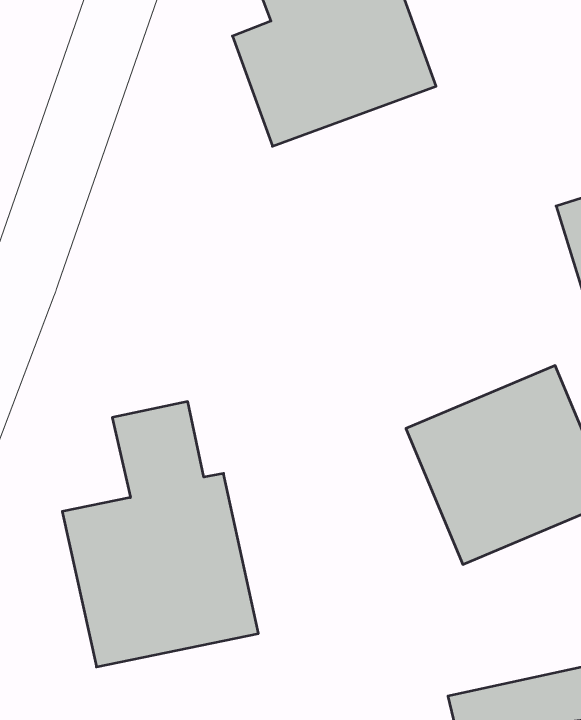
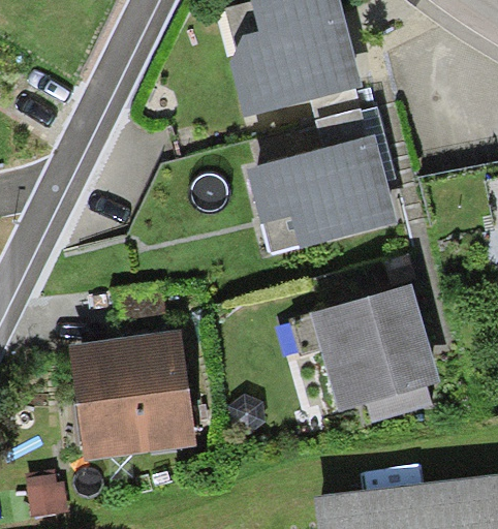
building: none -> [242,139,392,252]

